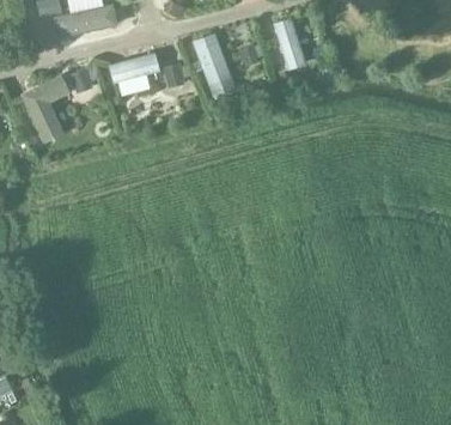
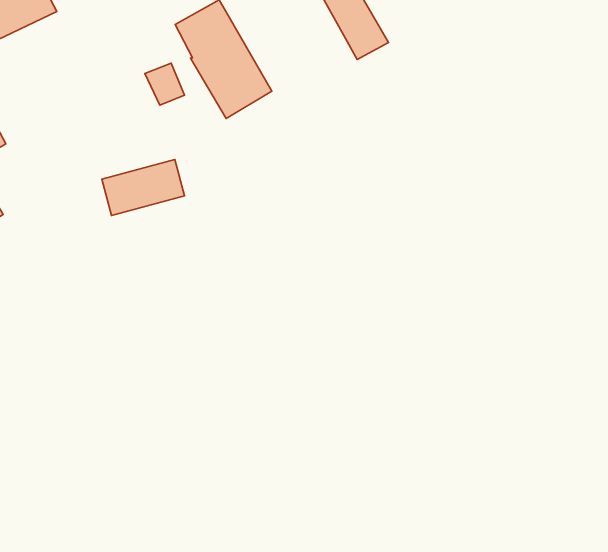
building: [110,56,158,84] -> [102,159,185,216]

